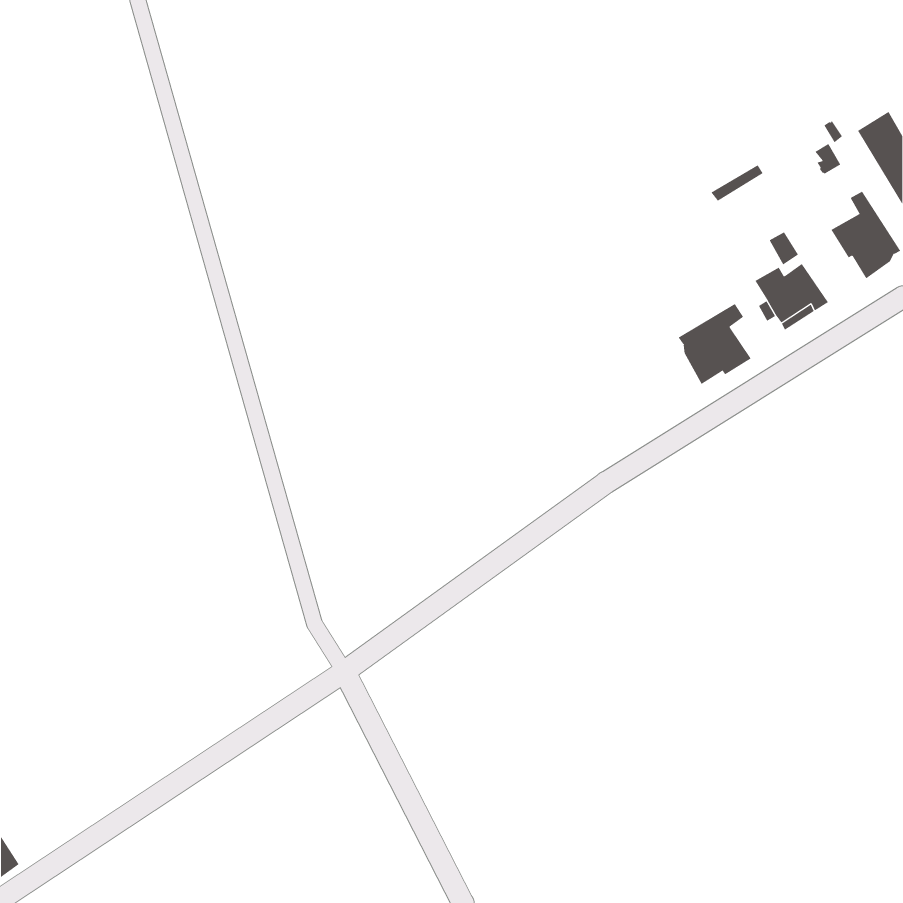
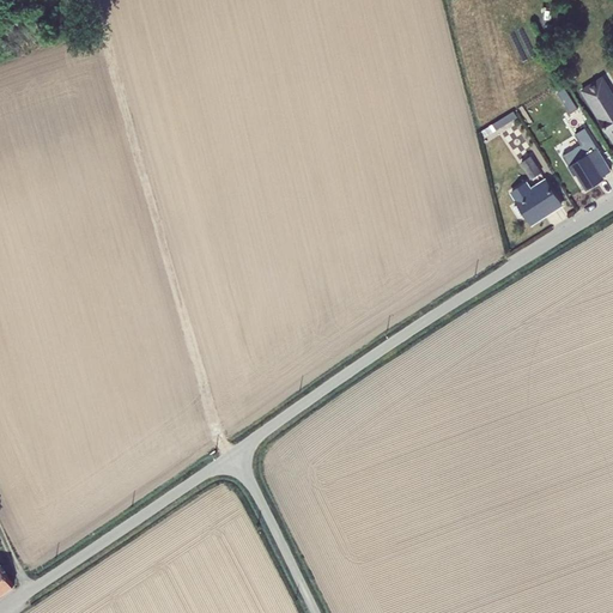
building: [678,303,751,385] -> none

